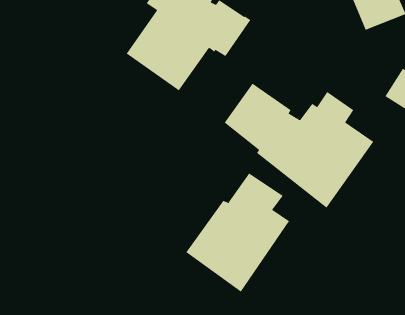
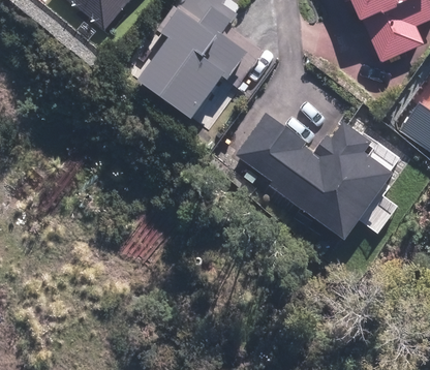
building: [185,172,290,293] -> none

